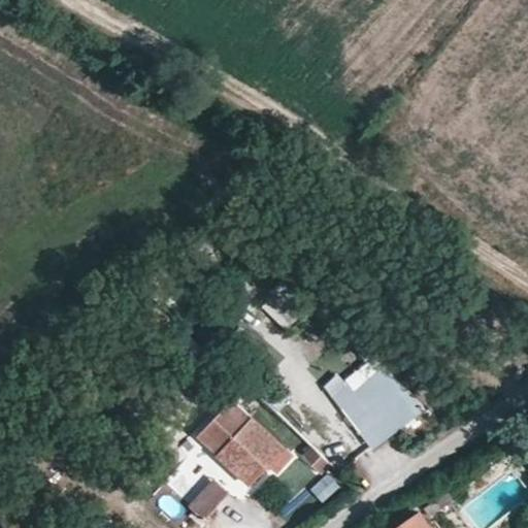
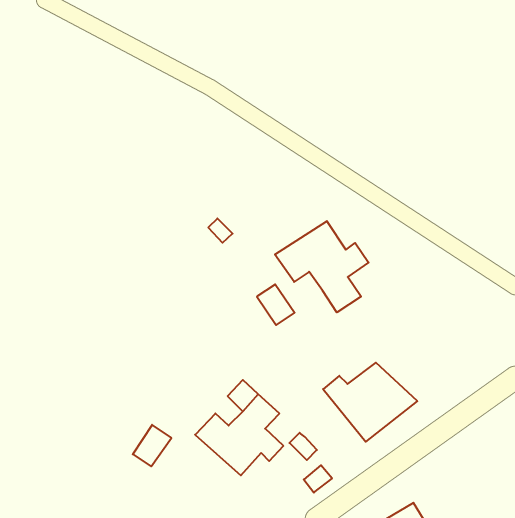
building: none -> [275,221,369,312]
building: [187,478,226,521] -> [133,425,171,466]

